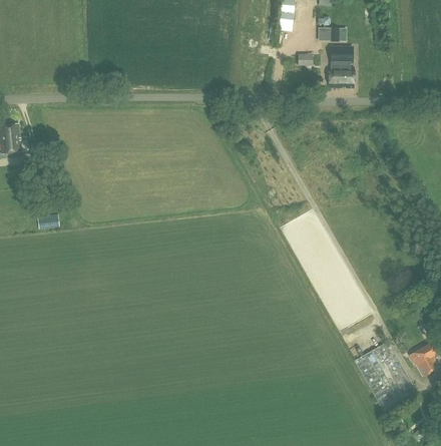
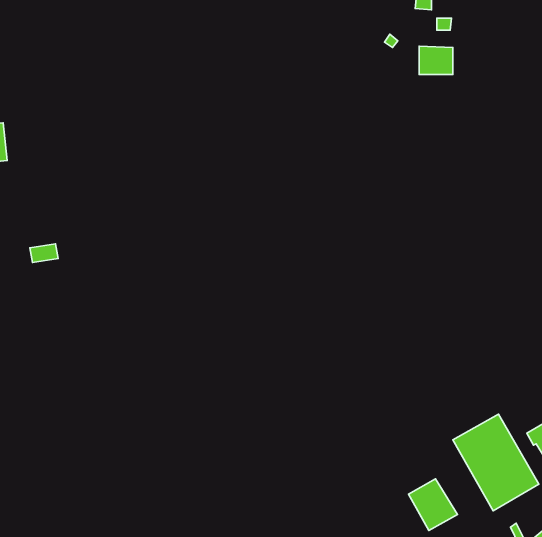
building: none -> [408,479,458,531]

